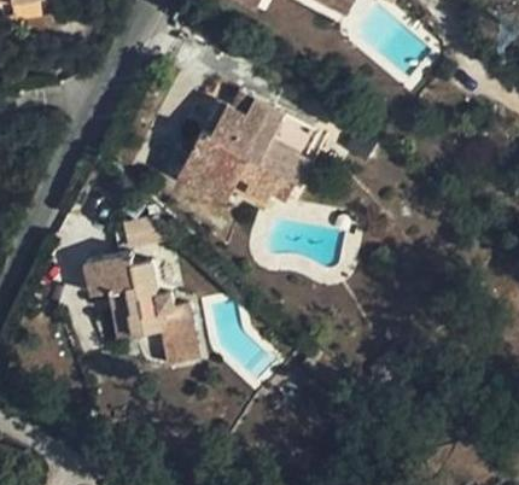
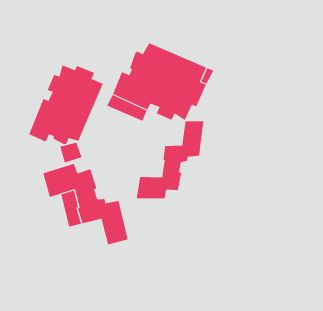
building: none -> [28,64,103,145]
building: none -> [136,120,204,199]

